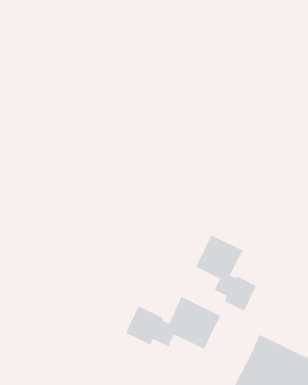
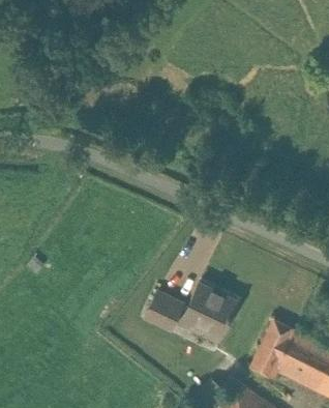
building: [196,234,257,311] -> none

